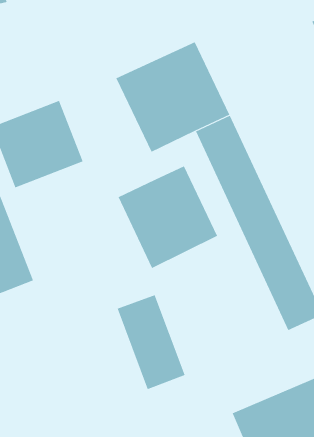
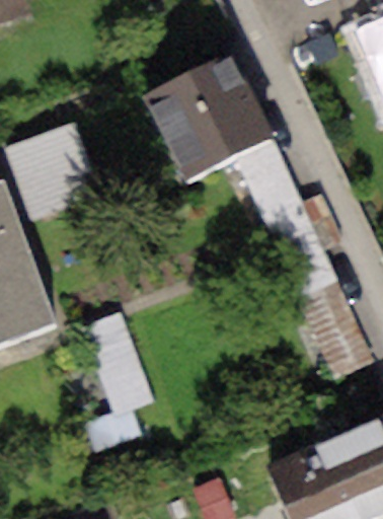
building: [118,165,218,269] -> none
building: [117,295,186,390] -> [78,311,154,417]

